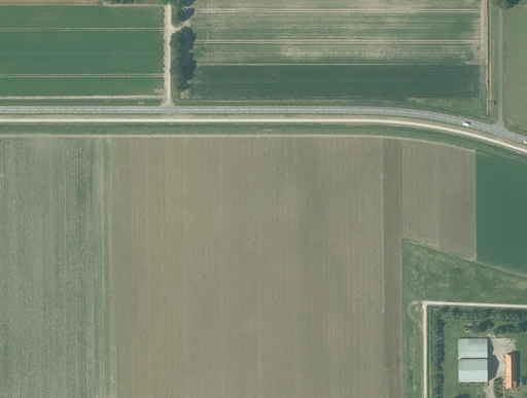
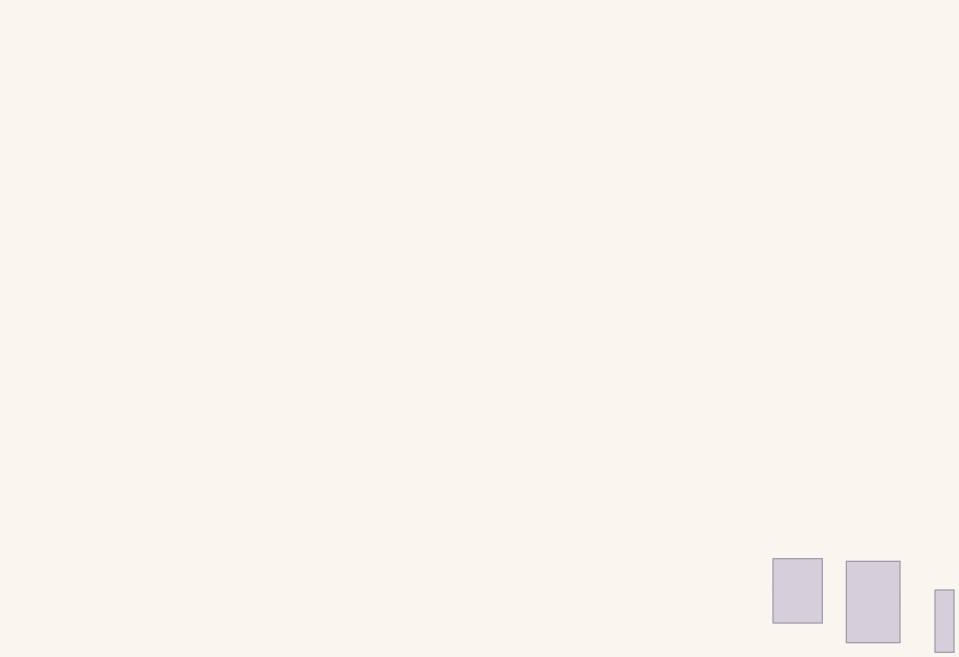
building: none -> [773,559,822,623]

